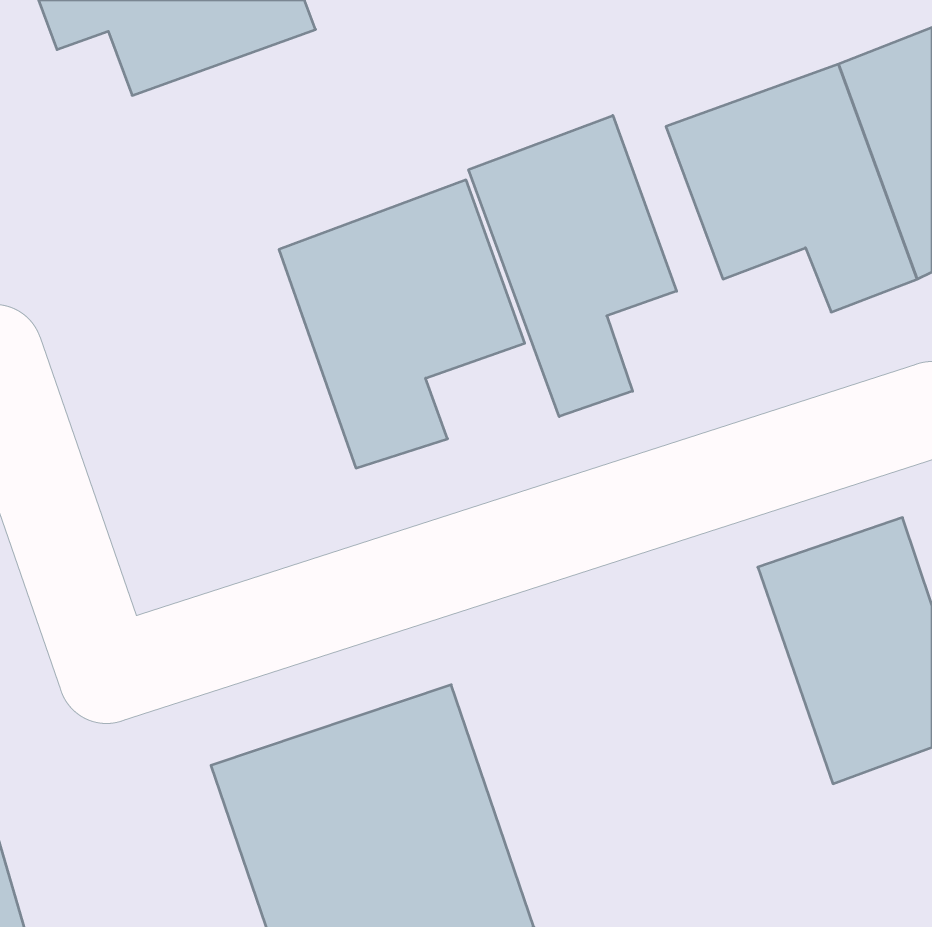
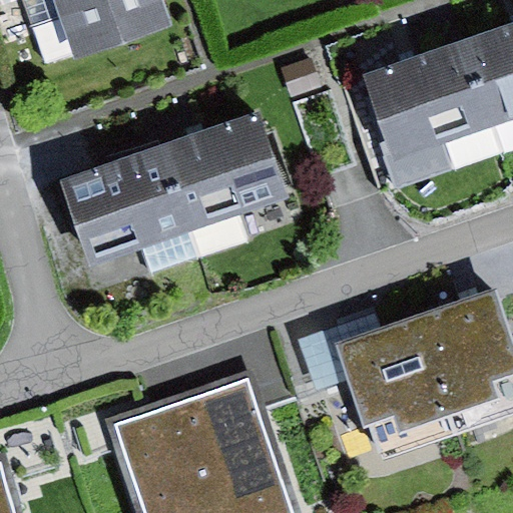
building: [469,115,677,417] -> none
building: none -> [56,142,194,279]
building: none -> [338,316,455,459]

